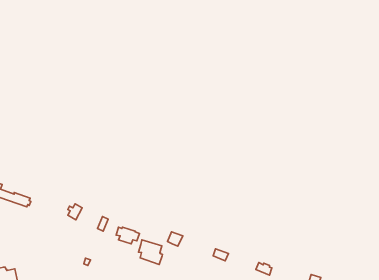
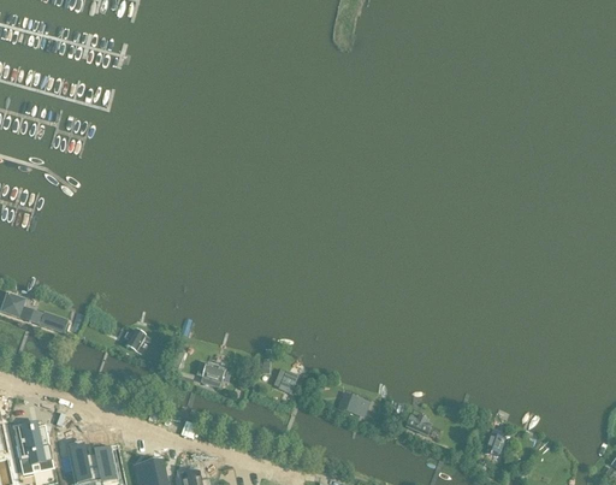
building: [139,240,162,265] -> none

